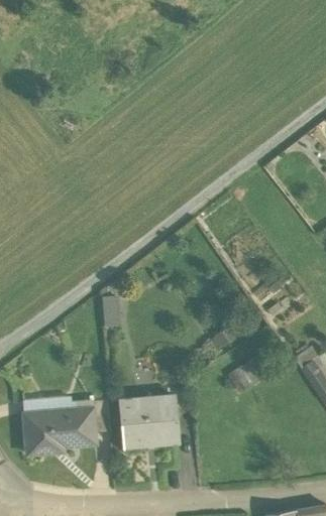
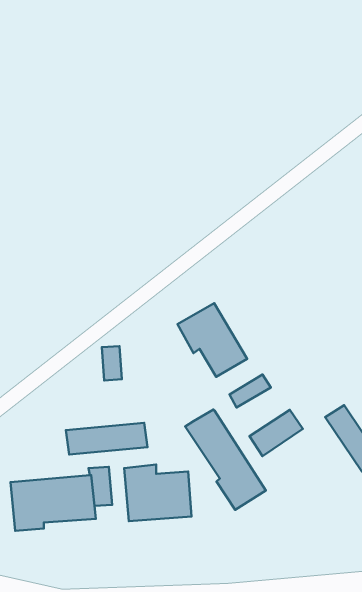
building: none -> [178,303,247,377]
building: none -> [185,409,266,510]
building: none -> [66,423,147,454]

